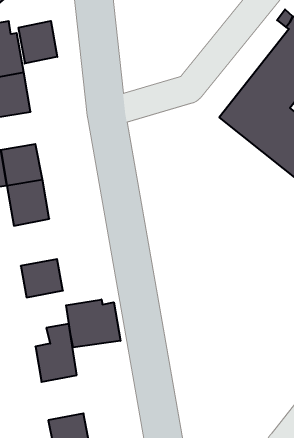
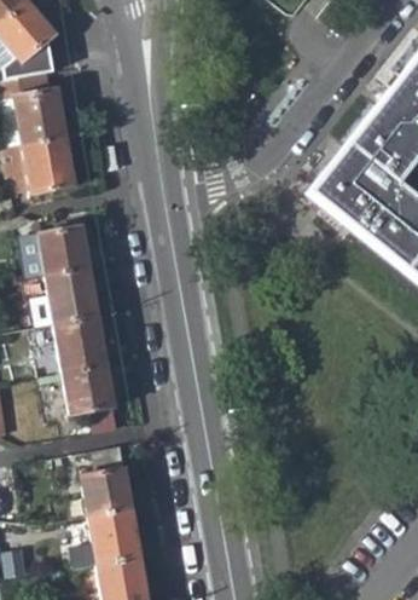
building: [19,21,57,64] -> none
building: none -> [57,321,110,379]
building: [66,299,120,347] -> none
building: none -> [91,513,143,569]

